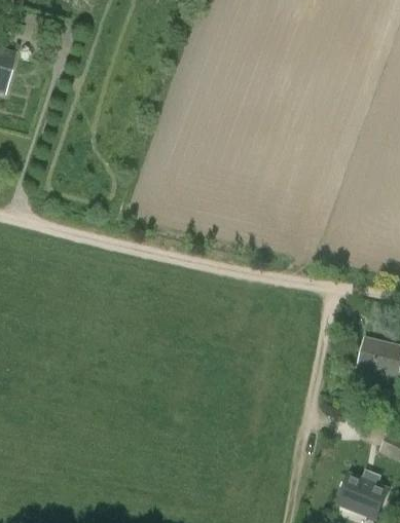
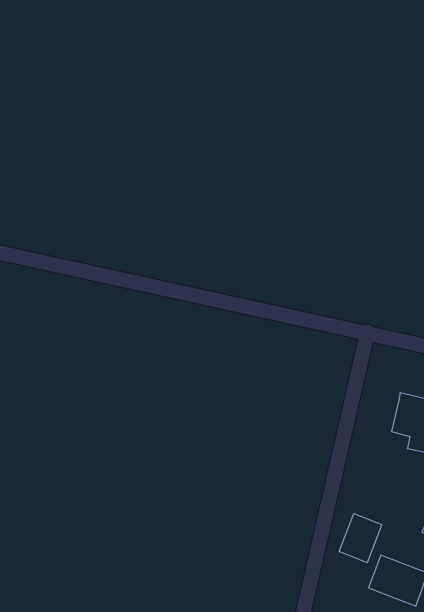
building: none -> [339,514,382,563]

